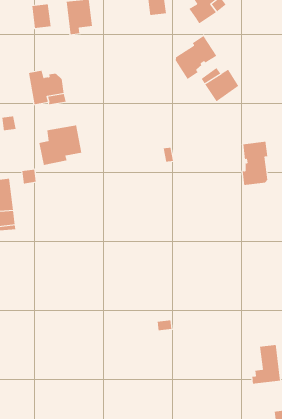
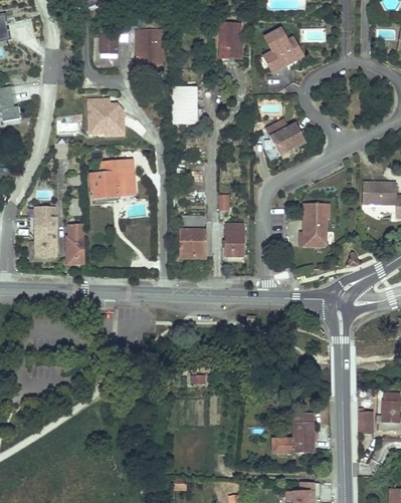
building: [175,35,217,80] -> none
building: none -> [172,86,197,124]
building: none -> [181,216,205,257]
building: none -> [225,224,244,258]
building: none -> [67,224,85,265]

